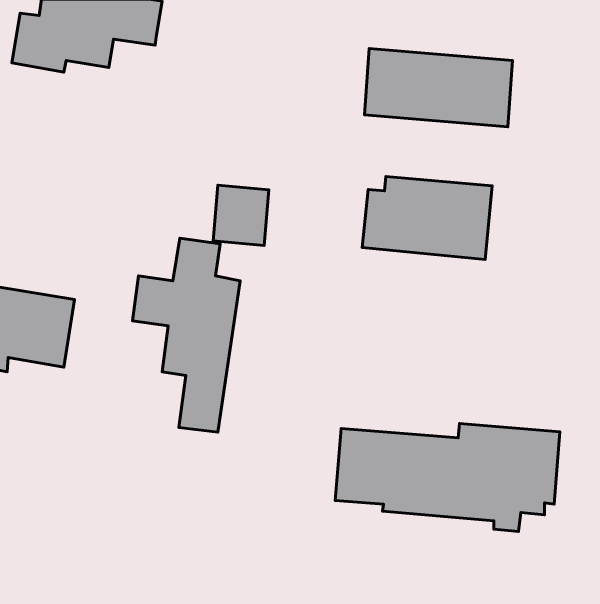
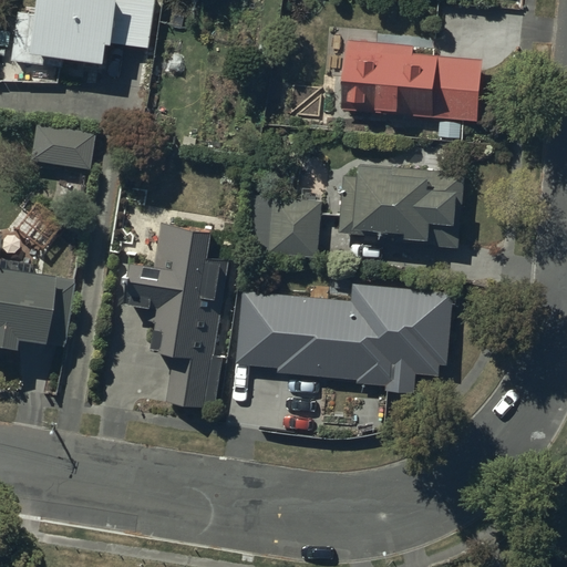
building: none -> [27,124,90,172]
building: [213,185,269,245] -> [268,197,320,254]
building: [335,424,560,531] -> [238,290,449,391]

